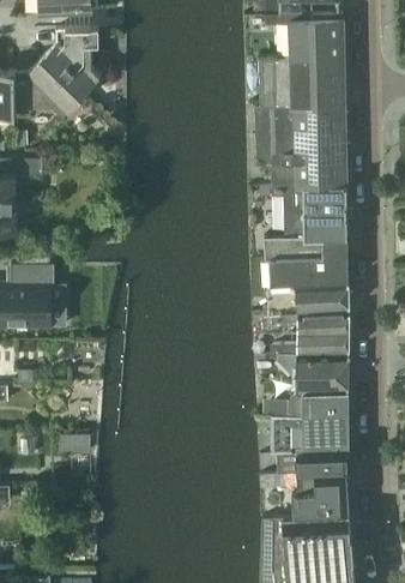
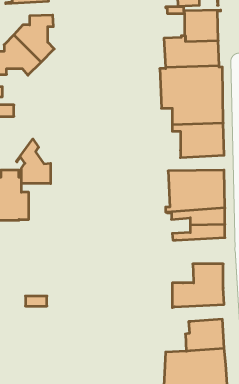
building: none -> [16,139,51,184]
building: [266,232,349,254] -> none
building: [279,351,350,416] -> none
building: [277,449,350,474] -> none

